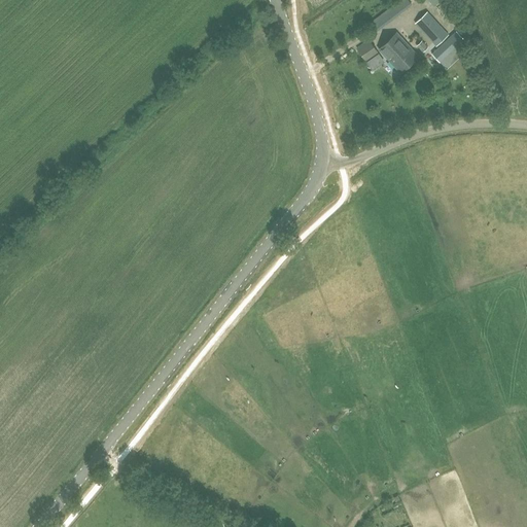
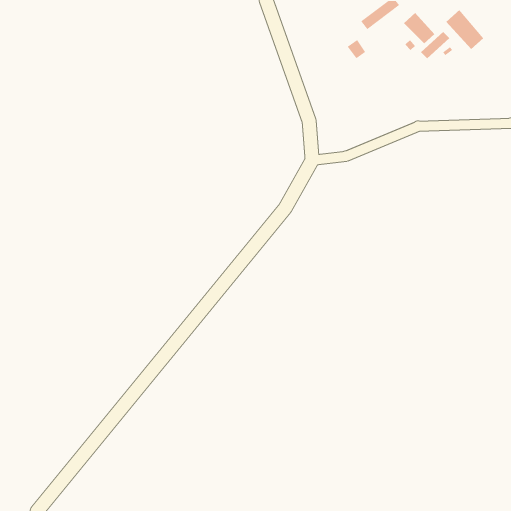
building: none -> [446,9,484,50]
building: [379,33,418,72] -> none

